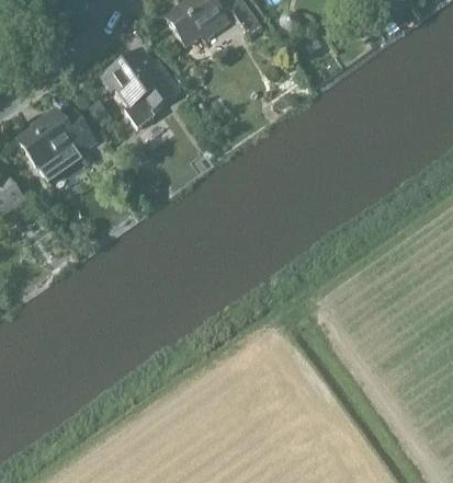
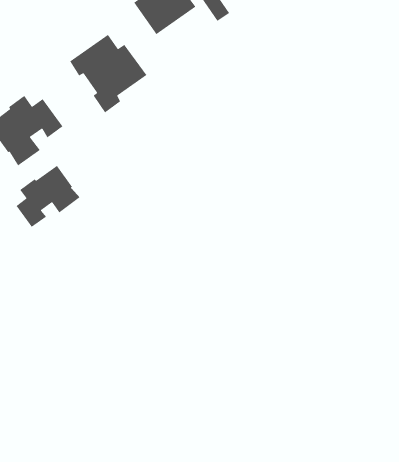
building: none -> [15,165,81,228]

